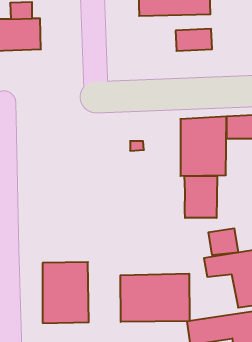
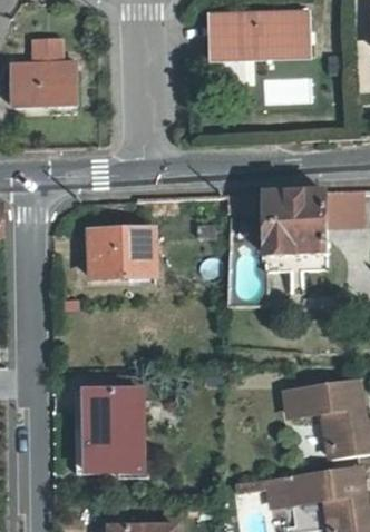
building: none -> [87,233,150,280]
building: [185,176,217,218] -> none
building: [208,228,238,255] -> none
building: [120,274,189,322] -> none

